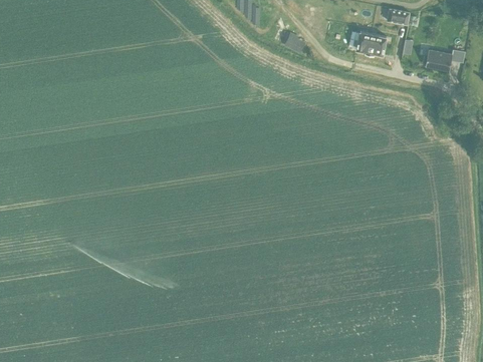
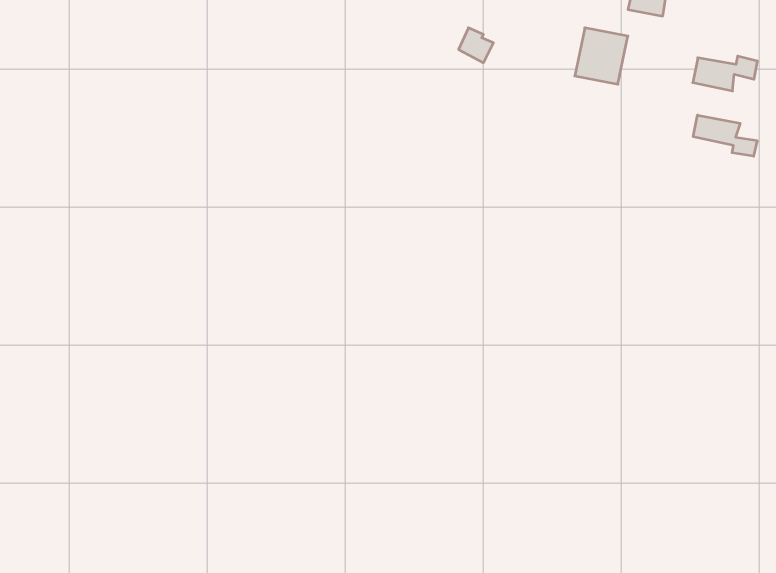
building: none -> [693,115,757,156]

